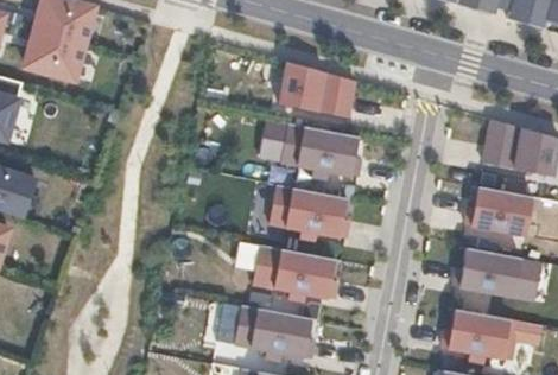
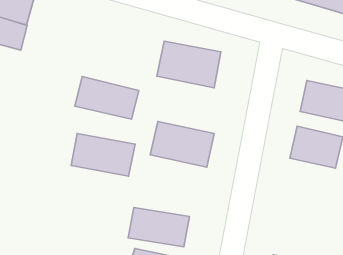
building: [271,126,363,188] -> [75,77,139,119]
building: [248,244,341,306] -> [71,134,135,176]
building: [455,252,522,303] -> none
building: [444,311,516,366] -> none

